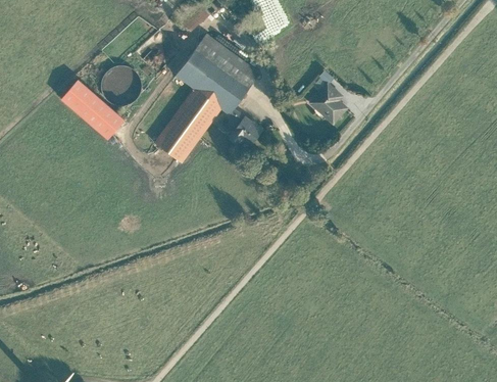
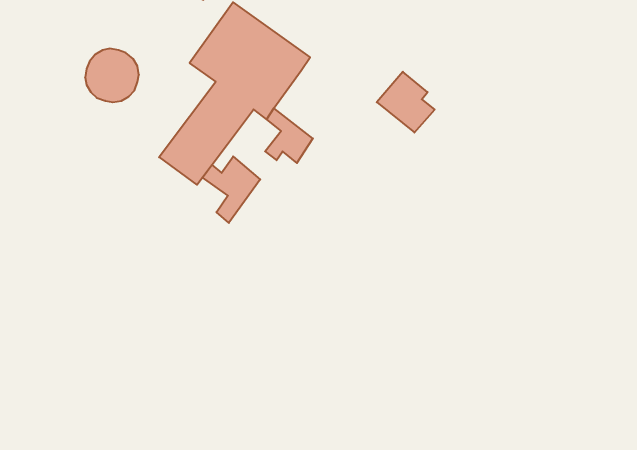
building: [59,80,126,140] -> none
building: none -> [202,156,260,223]

